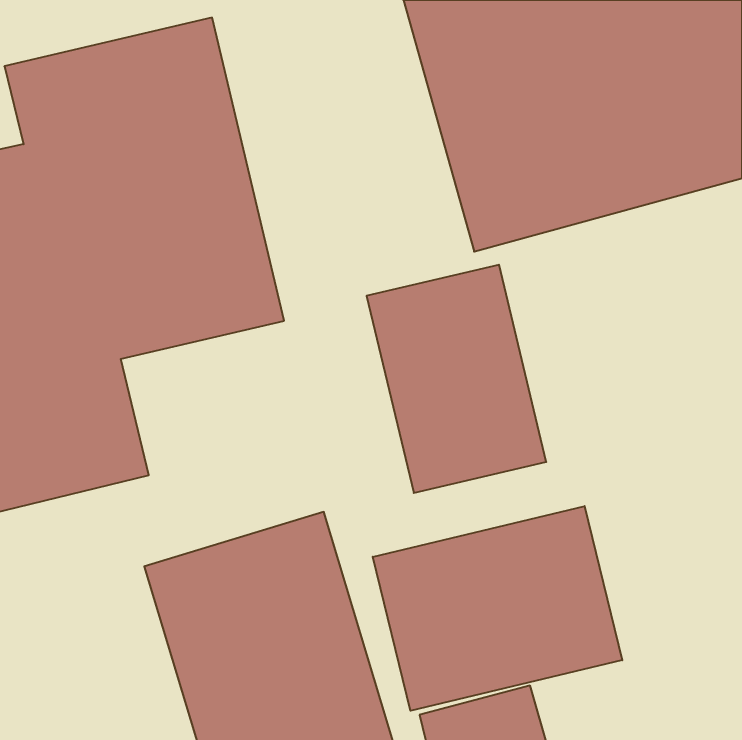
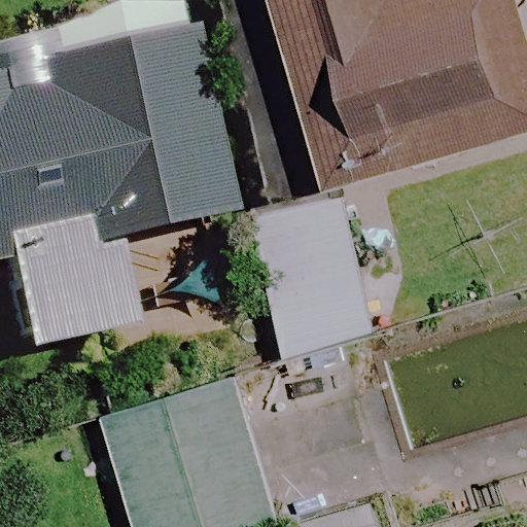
building: [373,506,622,711] -> none

